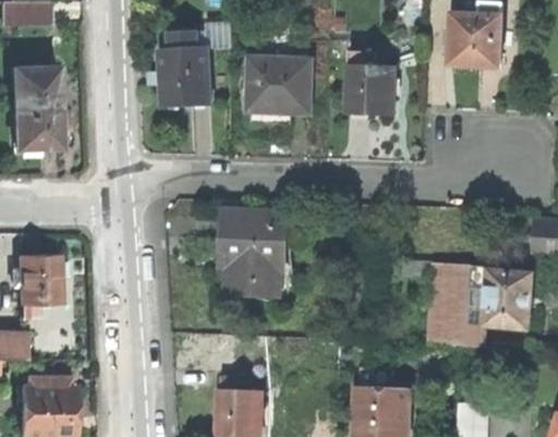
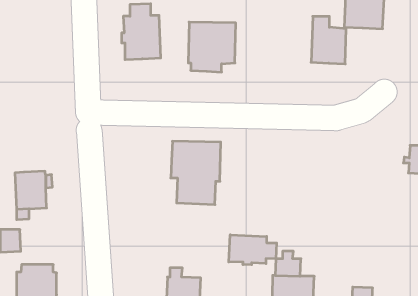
building: [349,52,395,114] -> [311,16,346,64]
building: [12,65,60,151] -> none
building: [402,262,532,348] -> none
building: none -> [229,235,277,265]

